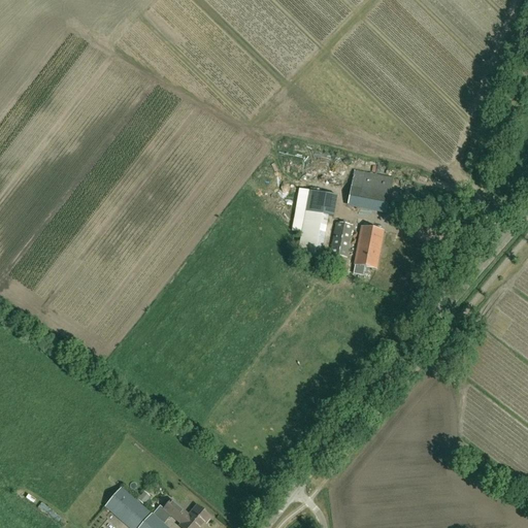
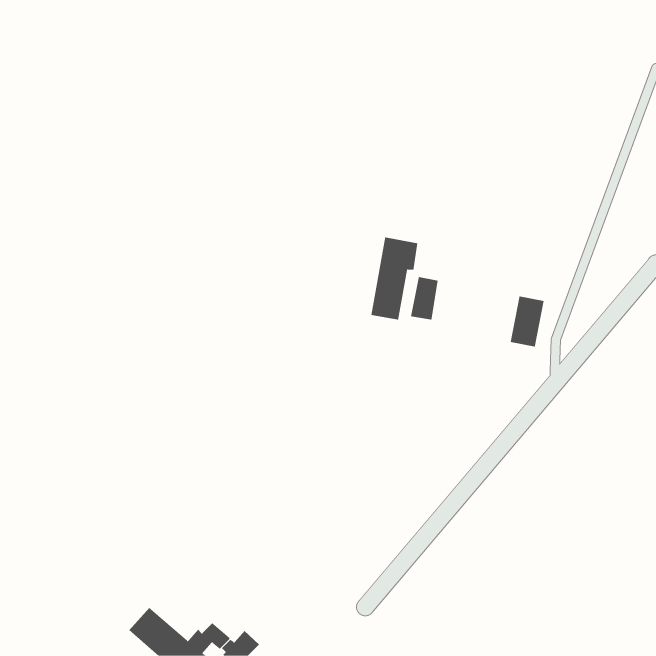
building: [349,171,394,212] -> none
building: [354,227,382,268] -> [510,296,544,347]

